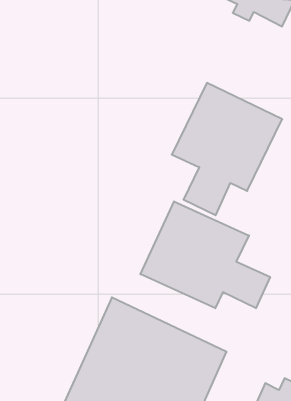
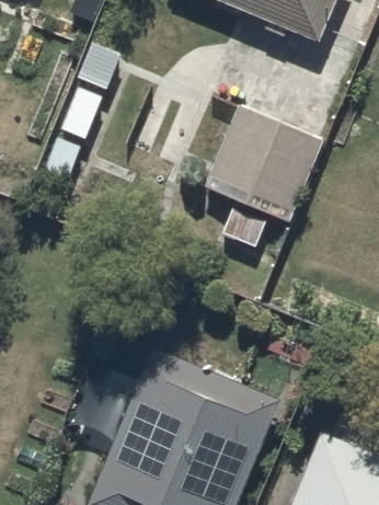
building: [140,201,270,308] -> none

